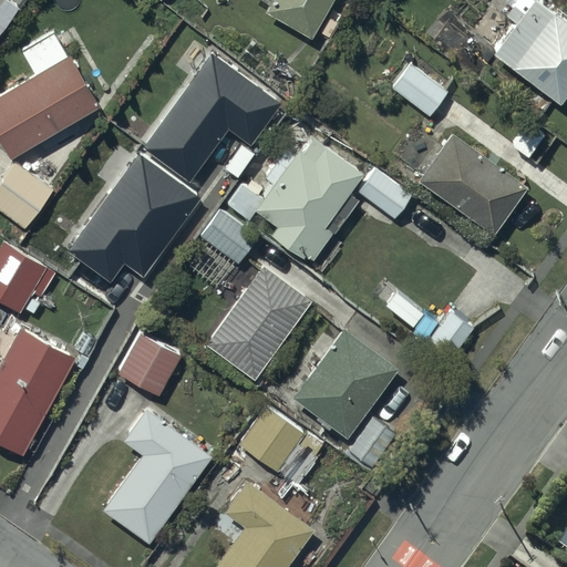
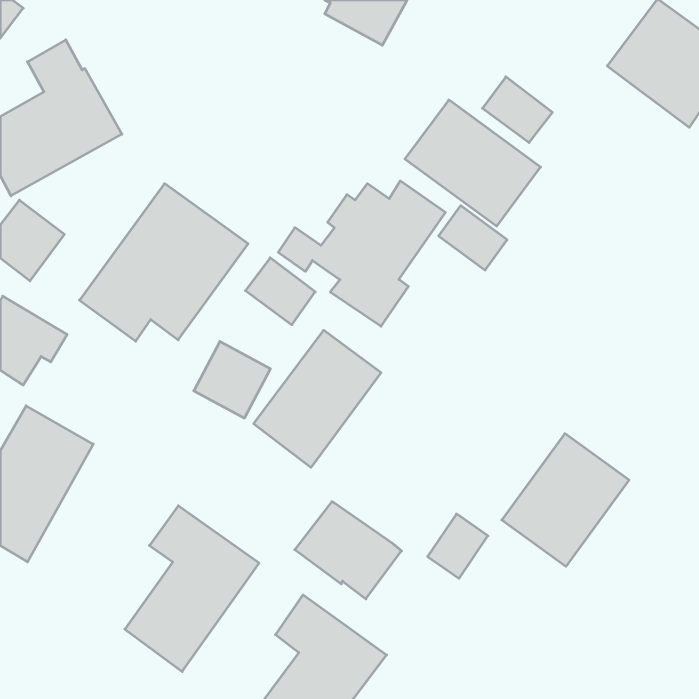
building: [144,49,282,178] -> none
building: [417,134,527,236] -> [405,100,541,226]
building: [292,329,395,436] -> [502,434,629,566]
building: [117,334,179,396] -> [194,341,270,418]

